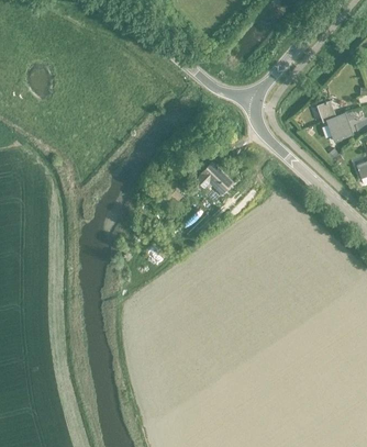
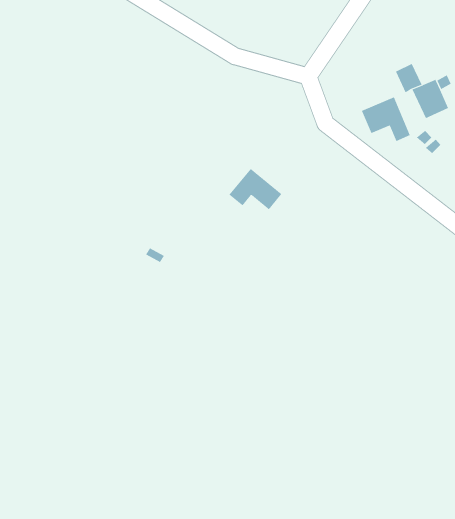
building: none -> [361,97,411,142]

